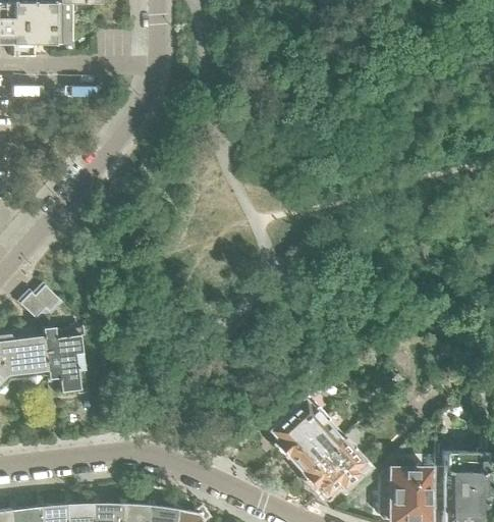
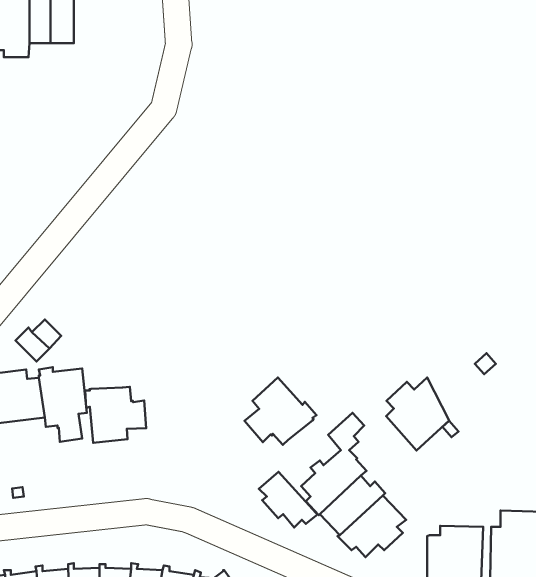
building: none -> [244,378,316,445]
building: none -> [386,378,449,451]
building: none -> [85,387,146,443]
building: none -> [259,472,318,527]

